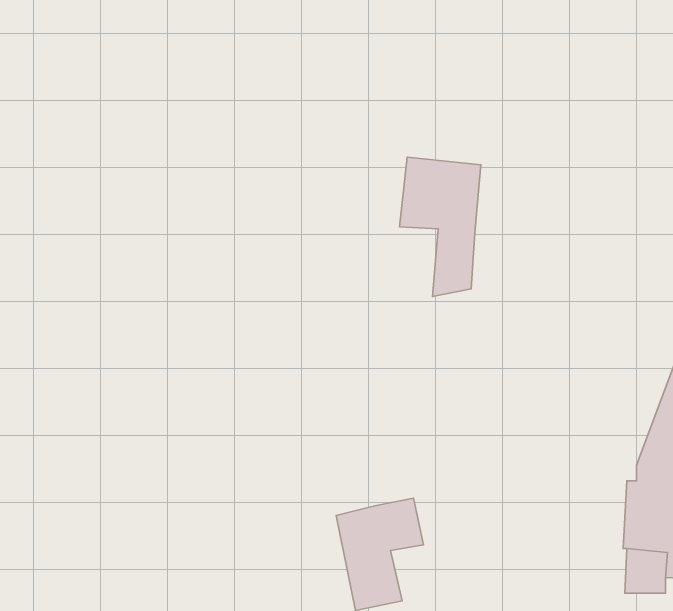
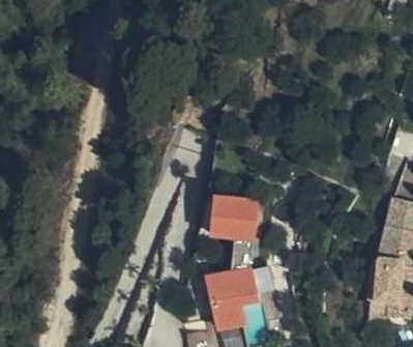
building: [400,157,481,296] -> [218,200,262,274]

